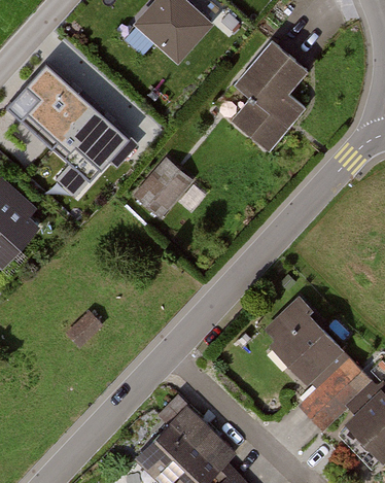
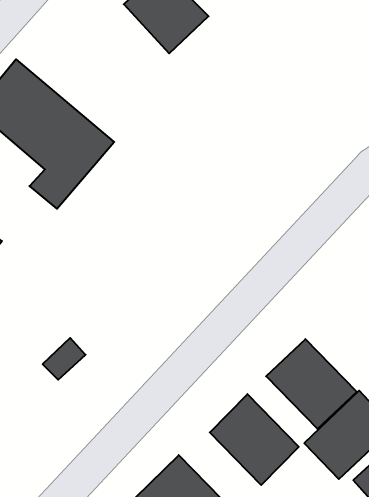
building: [233,39,307,150] -> none
building: [124,159,189,226] -> none
building: none -> [210,394,299,485]

